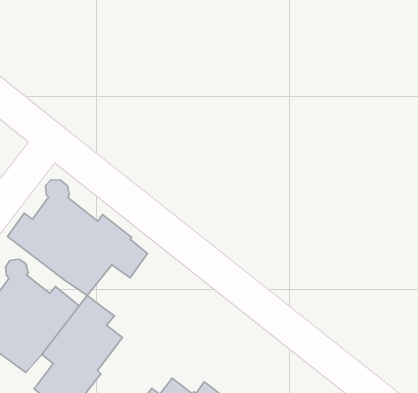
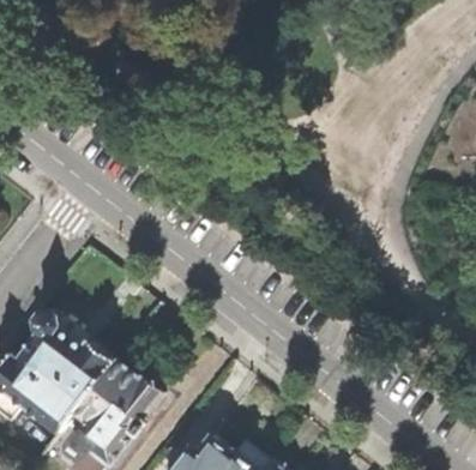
building: [8,180,148,296] -> none

